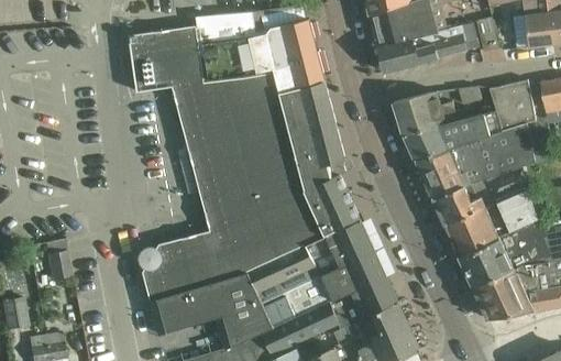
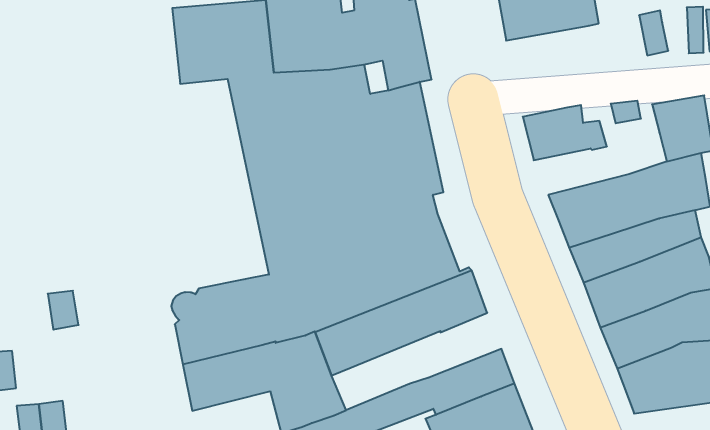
building: [378,25,480,74] -> none
building: [404,110,503,161] -> none
building: [262,251,387,329] -> none

